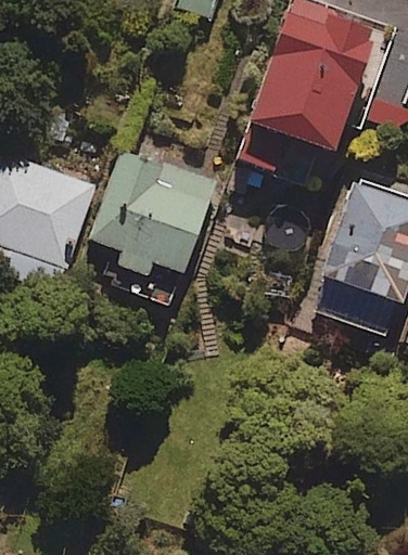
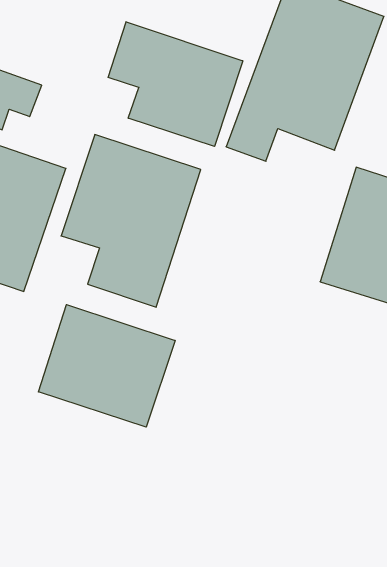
building: none -> [108,22,243,146]
building: none -> [38,305,175,427]

